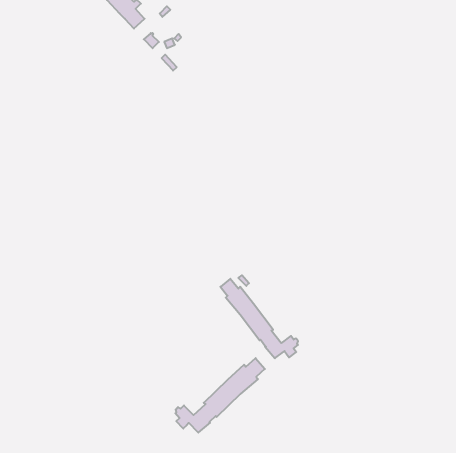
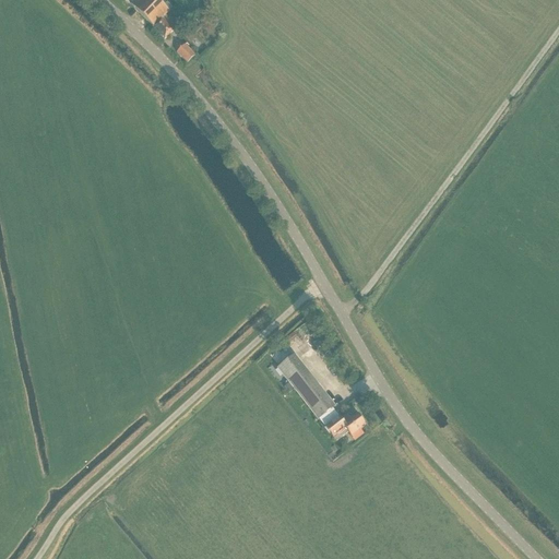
building: [175,358,265,433] -> none

